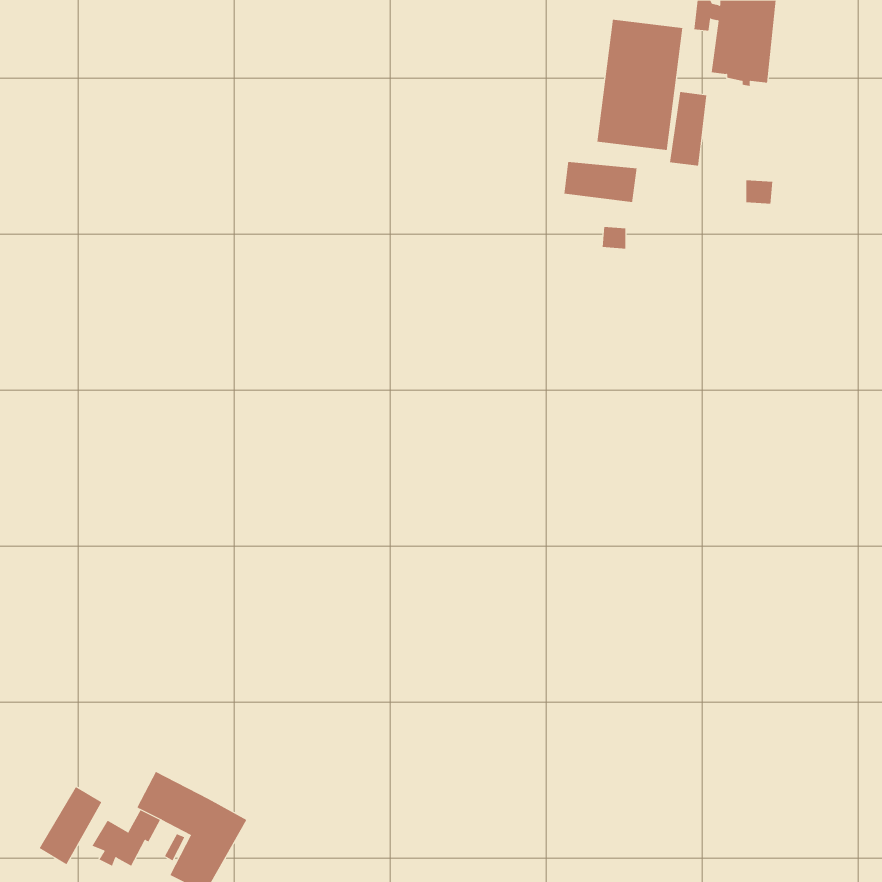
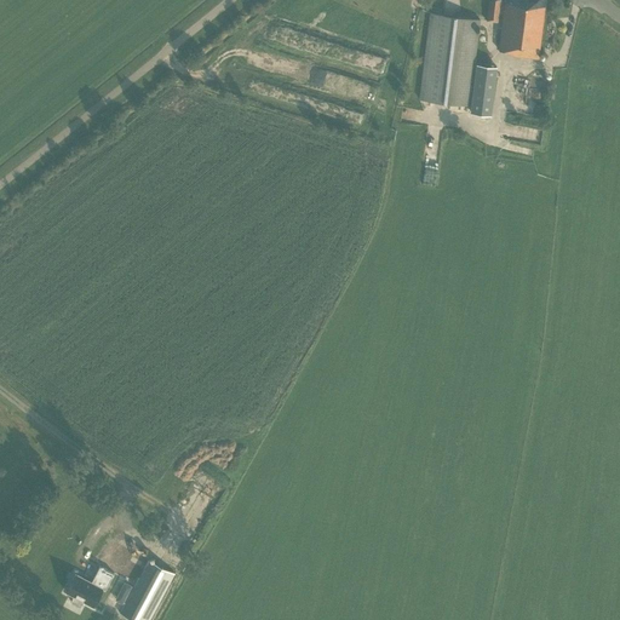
building: [564,161,637,203] -> none
building: [39,786,102,865] -> none

